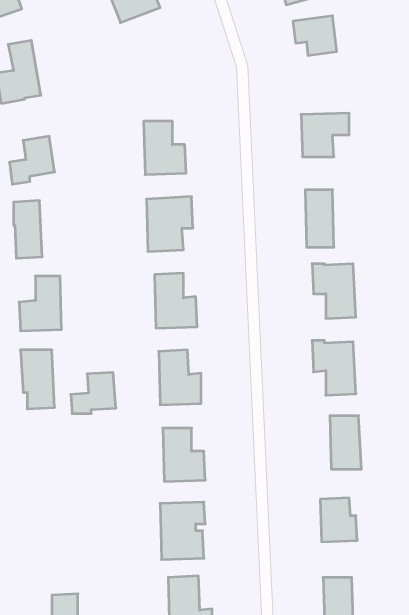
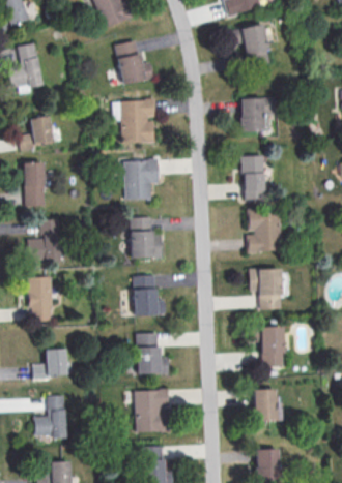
building: none -> [114,41,153,86]
building: [71,373,116,414] -> [32,350,66,381]
building: none -> [35,394,67,436]

